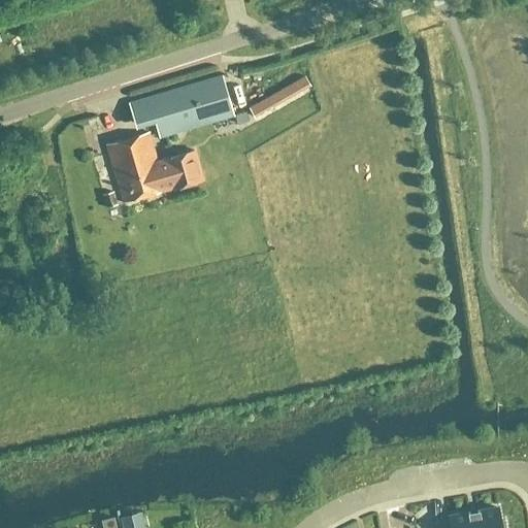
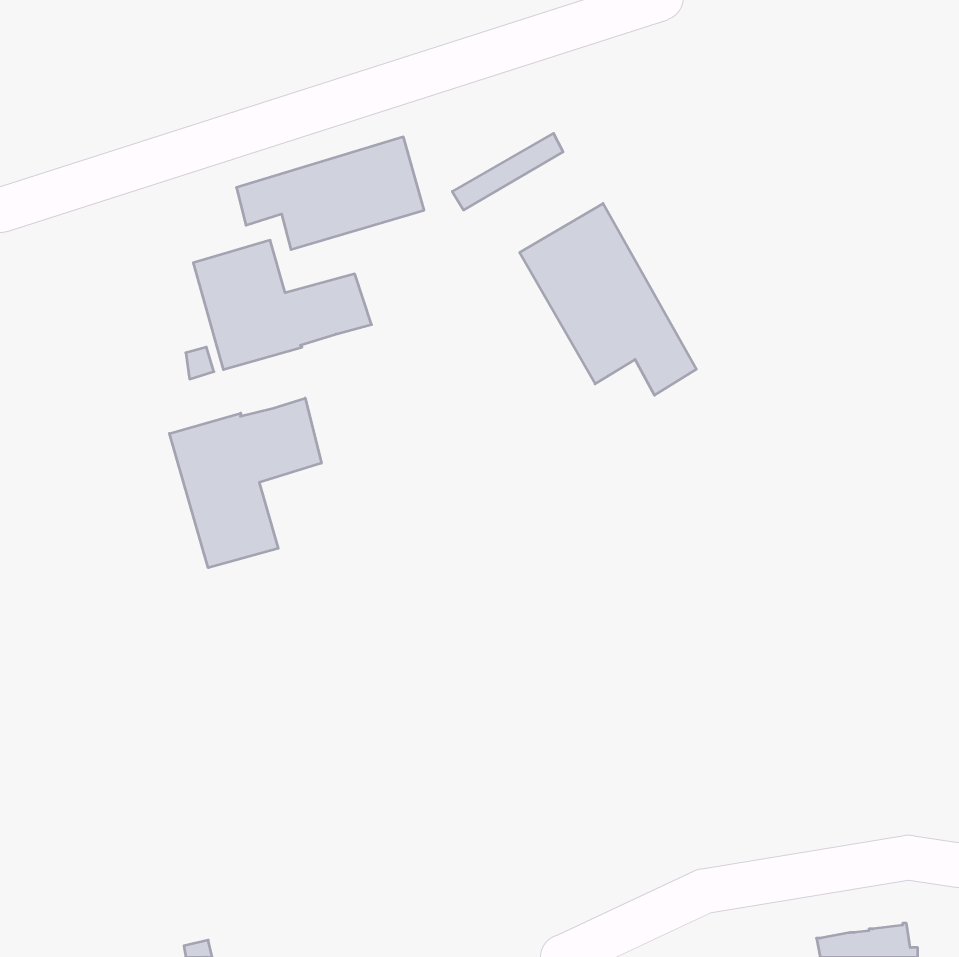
building: none -> [520,203,696,395]
building: none -> [169,398,321,568]

